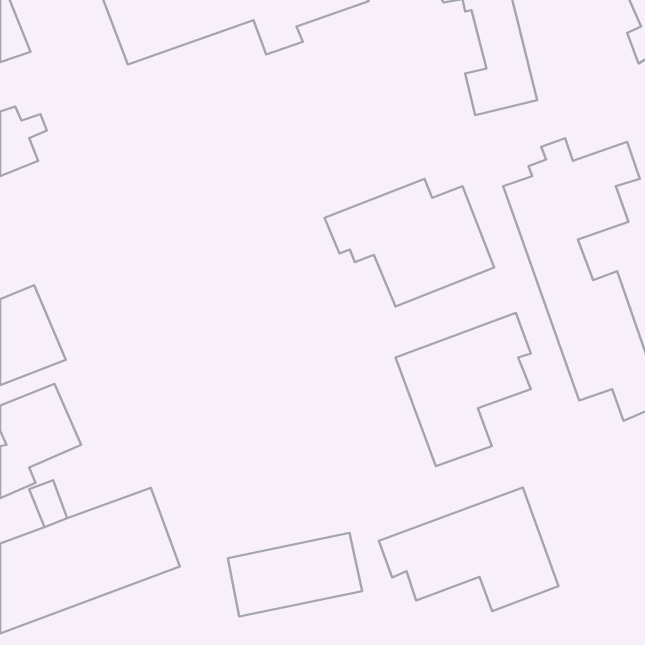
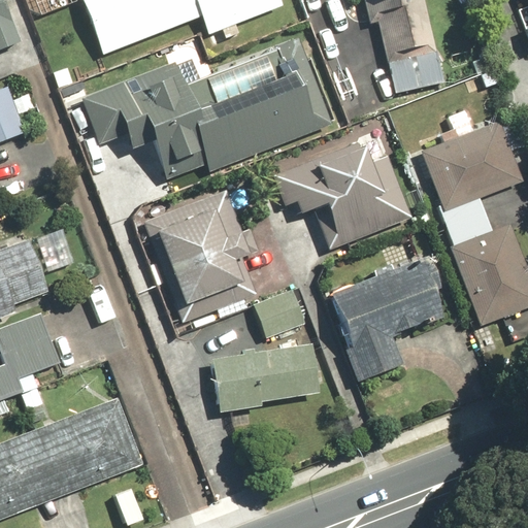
building: none -> [82,37,338,174]
building: none -> [137,195,259,324]
building: none -> [245,290,299,337]
building: [379,488,559,611] -> none
building: [228,533,362,617] -> [203,341,312,409]

